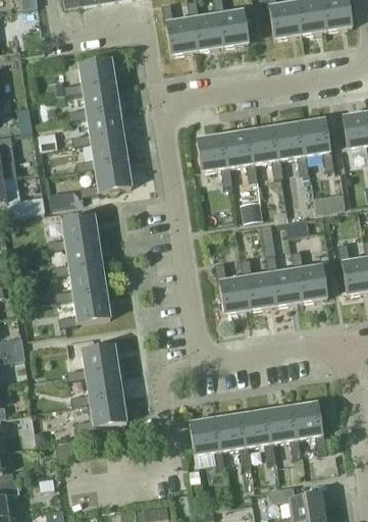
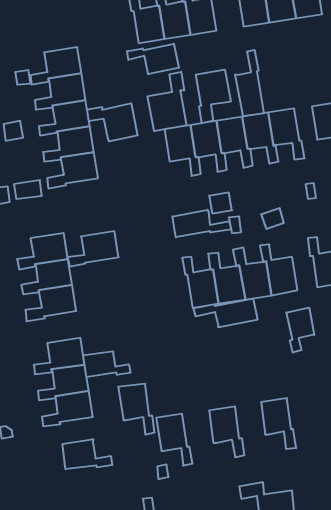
building: none -> [127,44,179,74]
building: none -> [235,50,264,116]
building: none -> [196,70,231,123]
building: none -> [148,72,187,131]
building: none -> [87,103,138,141]
building: [48,214,98,249] -> [68,231,119,267]
building: none -> [172,210,231,237]
building: none -> [193,299,257,327]
building: none -> [286,308,314,353]
building: none -> [83,351,131,377]
building: [266,406,301,456] -> none
building: [214,414,250,464] -> [118,384,155,435]
building: none -> [63,439,112,469]

